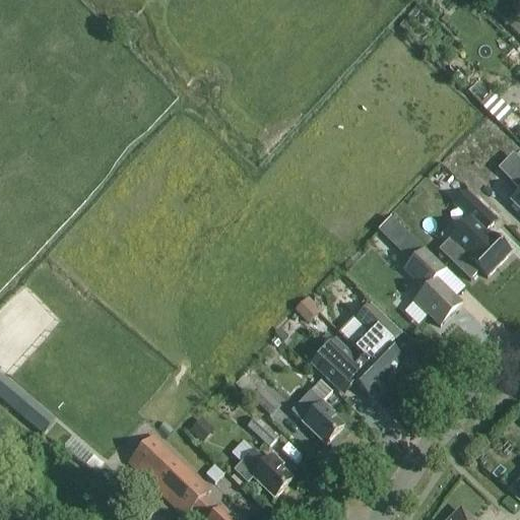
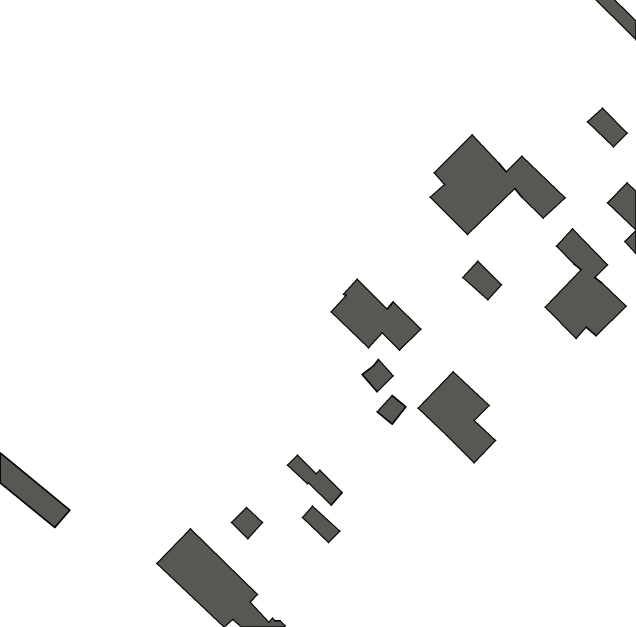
building: none -> [430,135,565,234]
building: [403,246,460,323] -> none
building: [314,337,387,395] -> [331,279,421,350]
building: [289,377,343,442] -> none
building: [234,446,292,495] -> none

